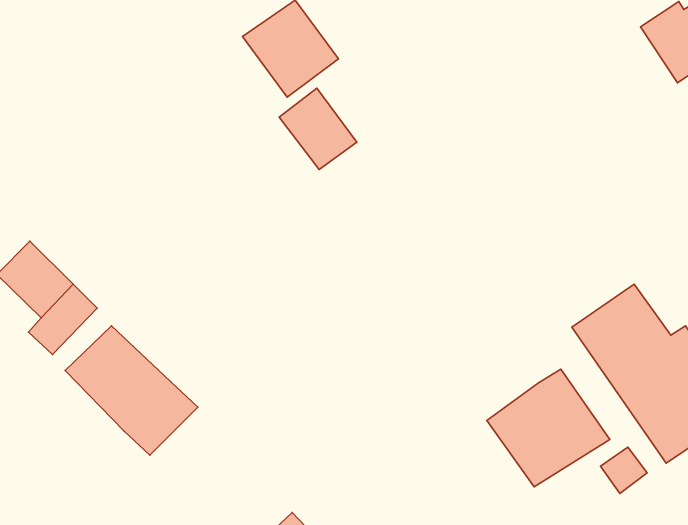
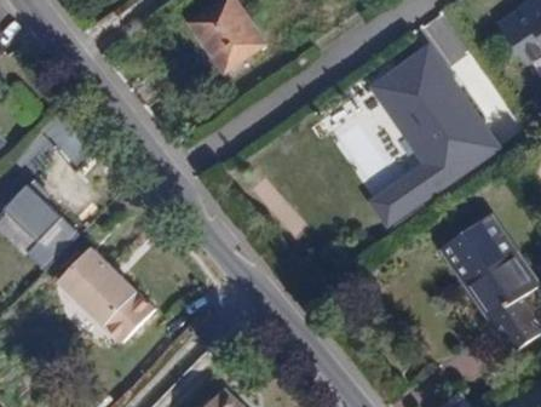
building: none -> [358,53,496,227]
building: [279,88,357,170] -> none
building: [487,369,610,487] -> none

